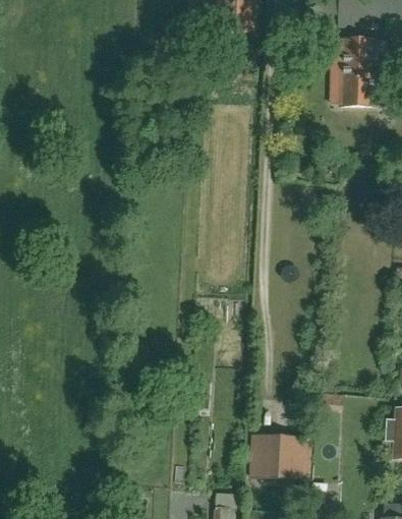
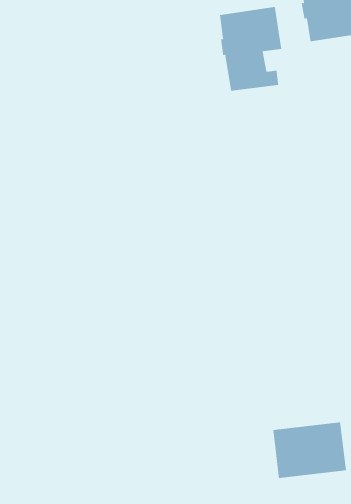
building: none -> [220,6,282,92]

